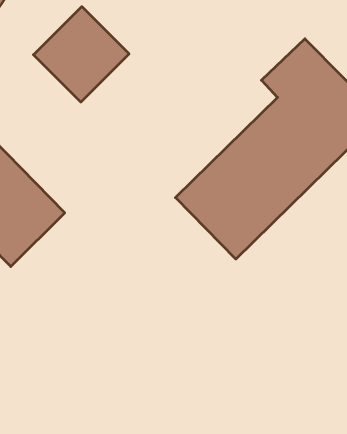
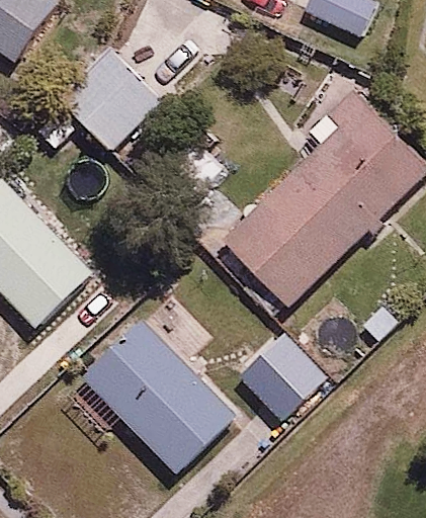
building: none -> [82,317,235,473]
building: none -> [238,333,324,419]

